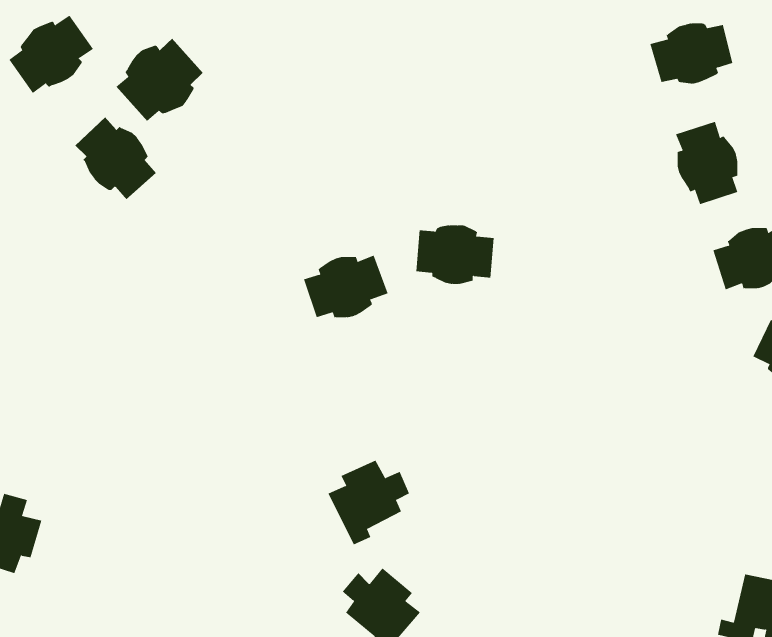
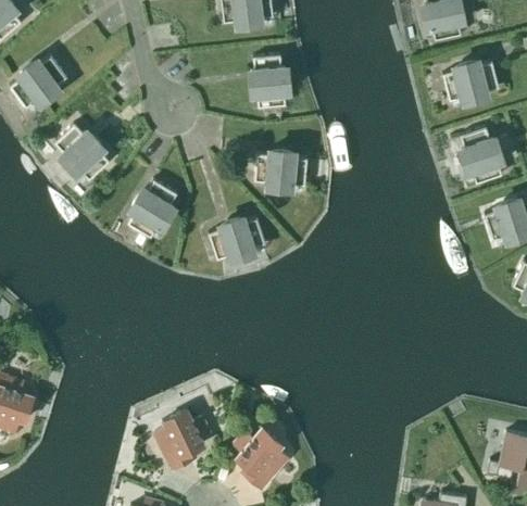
building: none -> [249,54,290,107]
building: [116,38,204,122] -> none
building: none -> [127,180,177,238]
building: [416,225,494,284] -> [254,150,308,190]
building: [328,460,410,545] -> [154,410,210,468]

